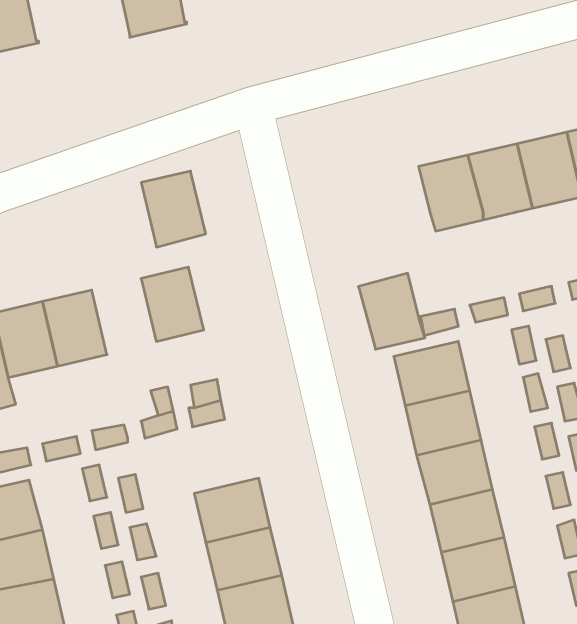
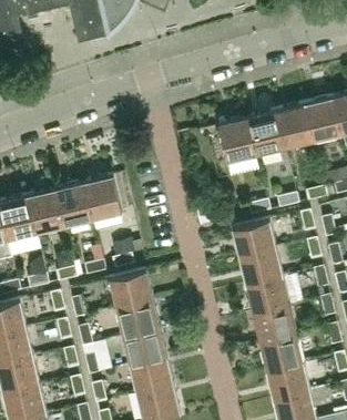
building: [141,171,206,247] -> [55,181,93,225]
building: [358,273,425,349] -> [217,115,256,160]
building: none -> [109,268,153,306]

